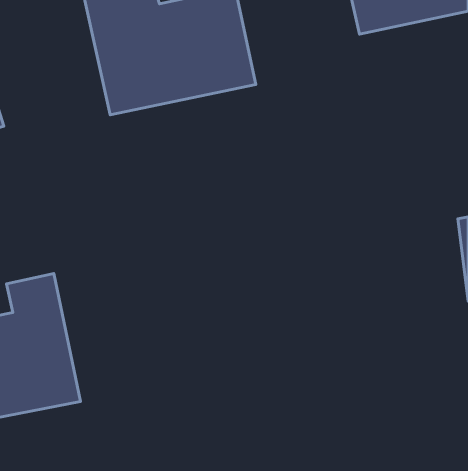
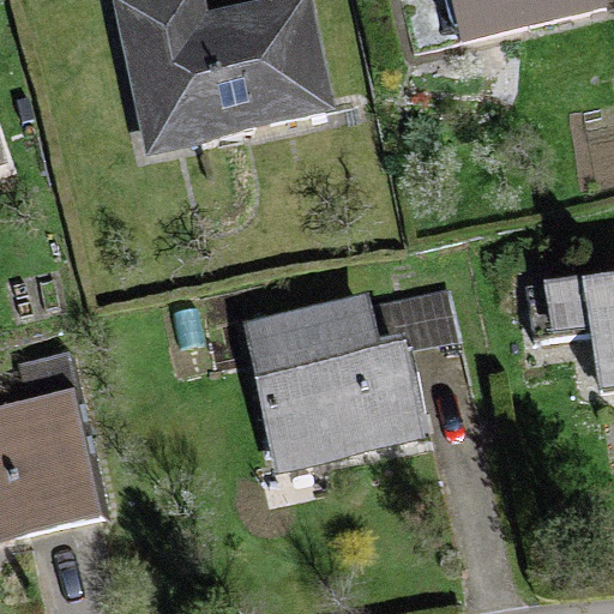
building: none -> [247,287,445,466]

